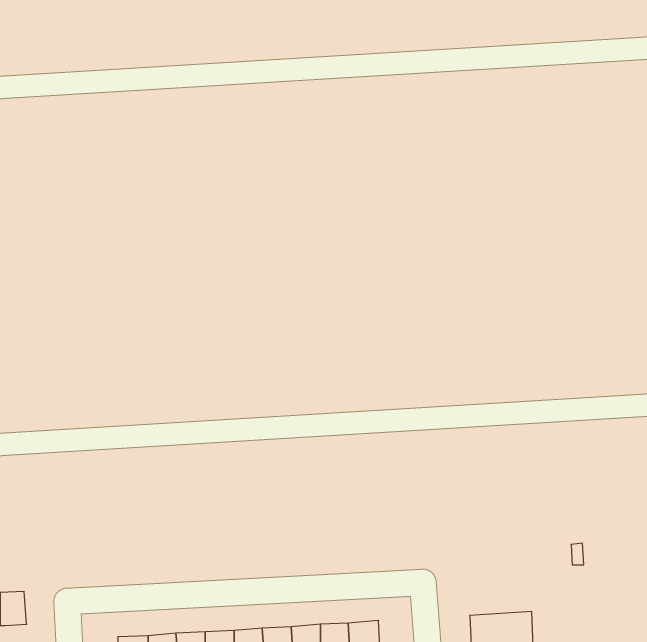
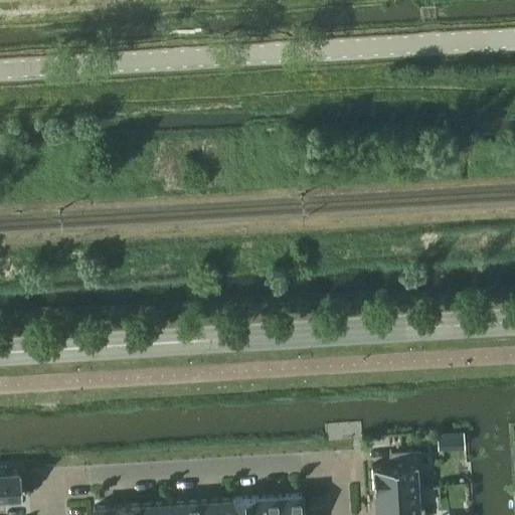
building: none -> [371,454,422,493]

